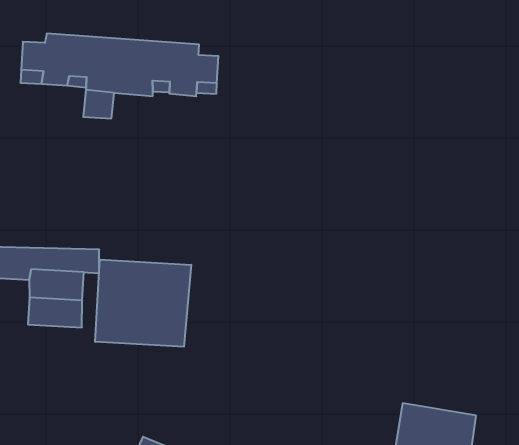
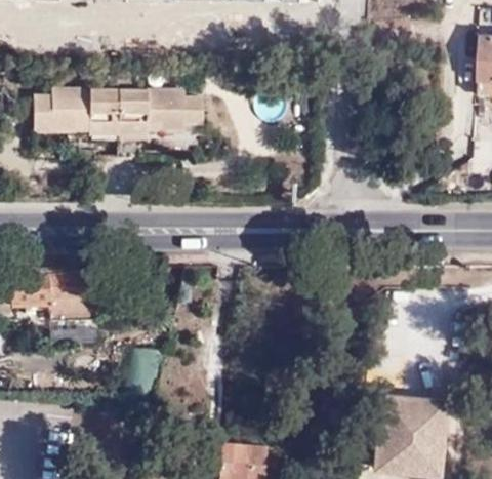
building: [95,260,191,347] -> none

